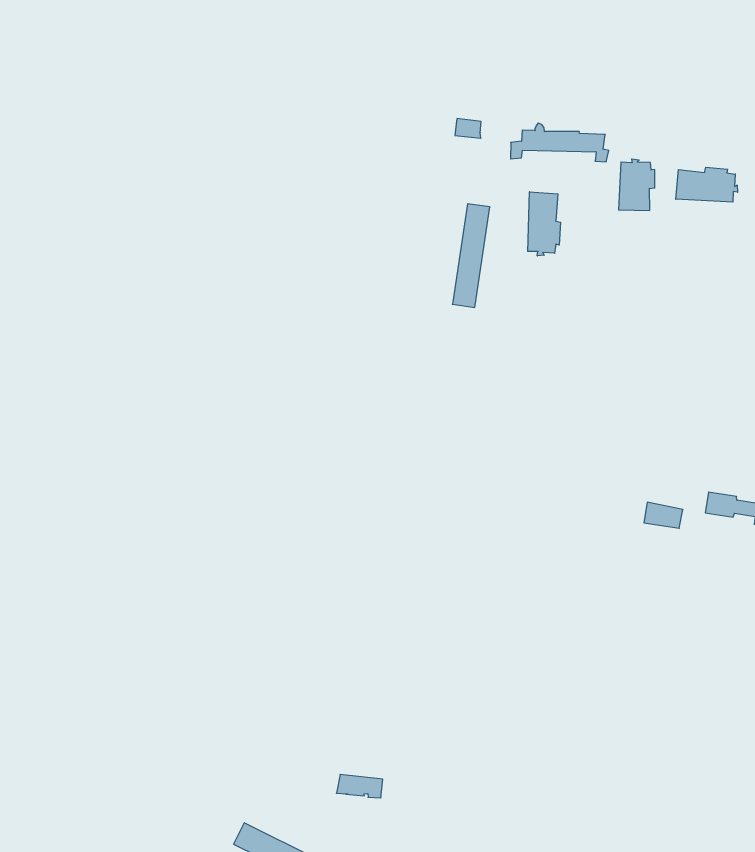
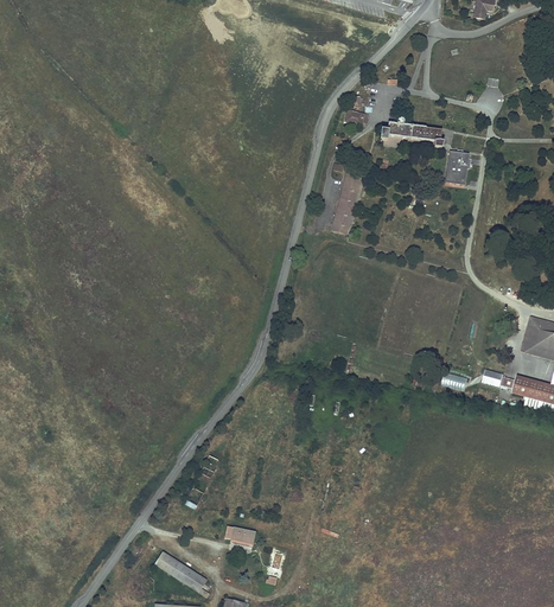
building: [676,167,738,202] -> none
building: [528,192,561,256] -> none

